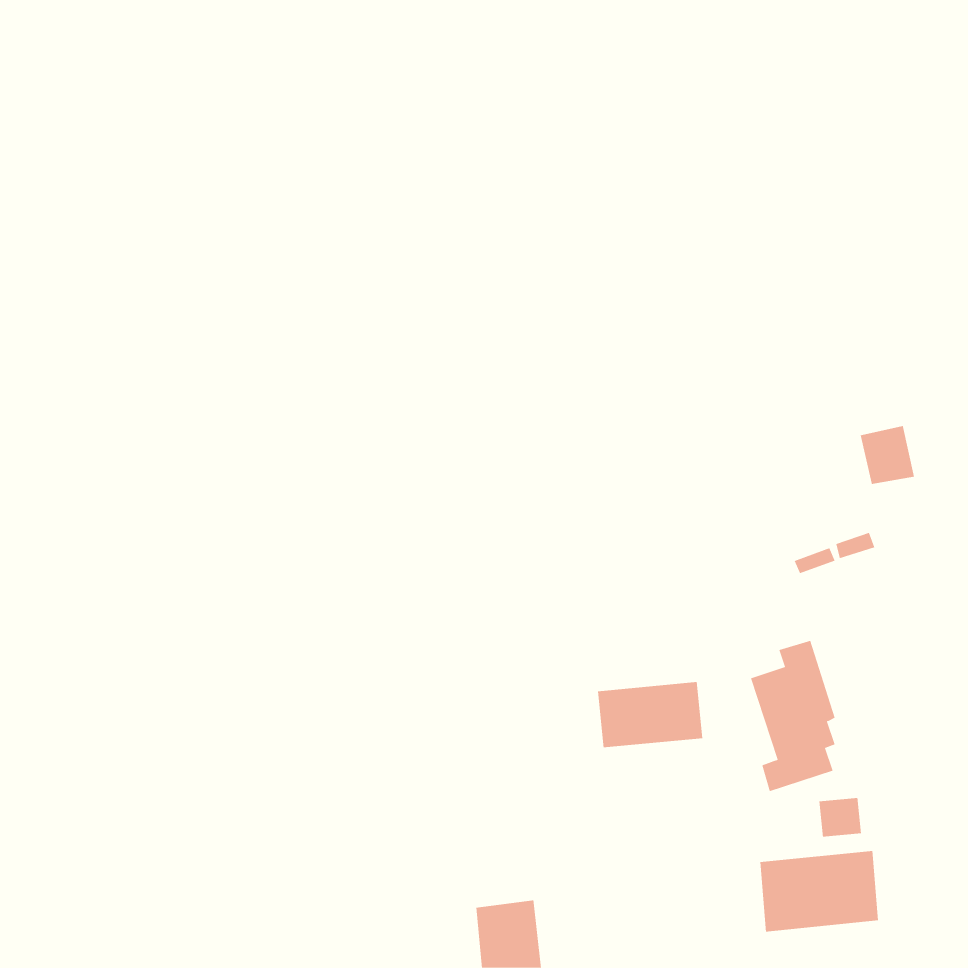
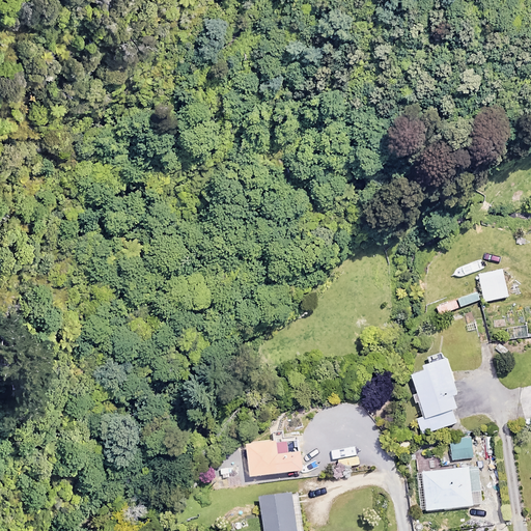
building: [860,426,915,484] -> [478,269,508,301]
building: [597,682,703,748] -> [246,439,304,475]

